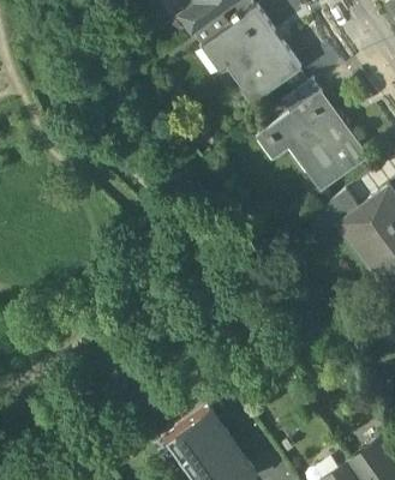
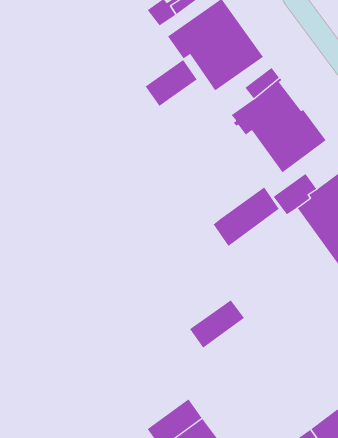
building: none -> [145,59,198,107]
building: none -> [213,187,280,247]
building: [164,409,223,461] -> [189,300,245,349]

